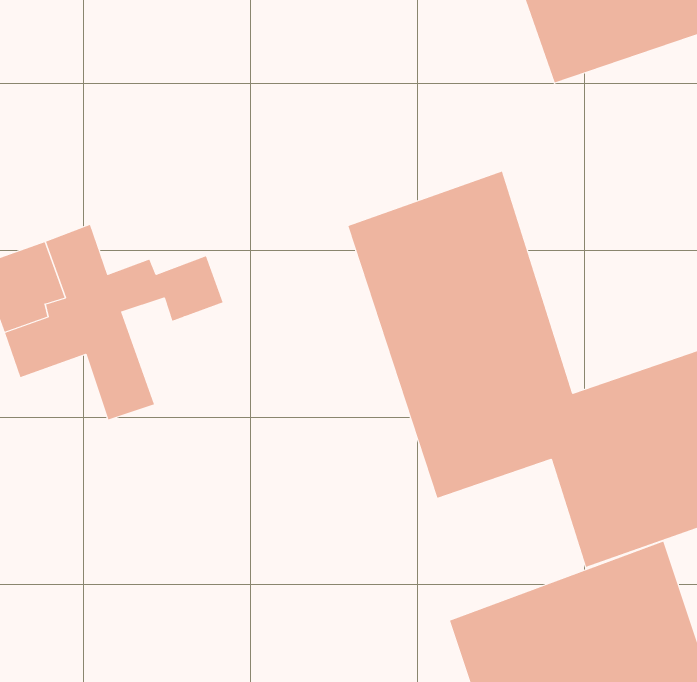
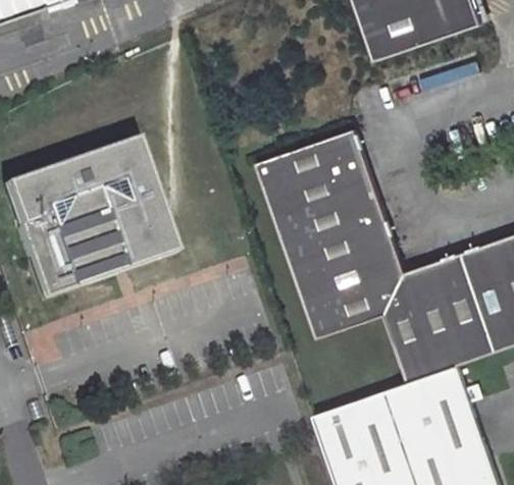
building: none -> [83,137,158,191]
building: none -> [103,206,186,275]
building: none -> [37,242,94,301]

